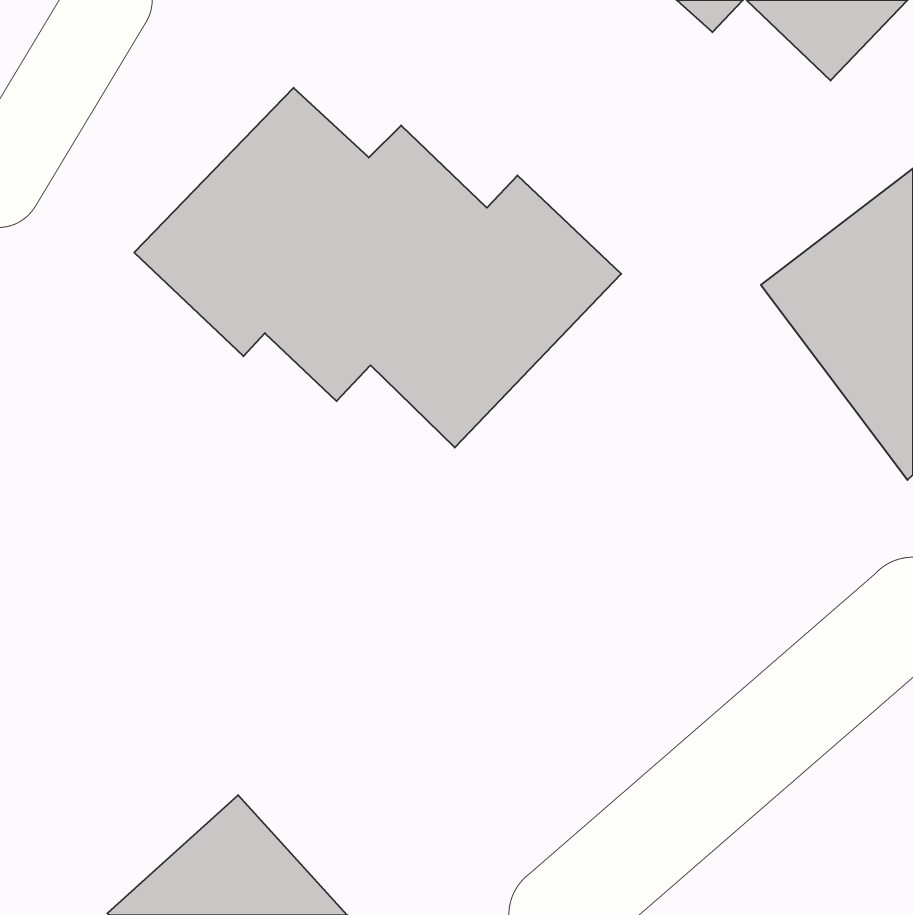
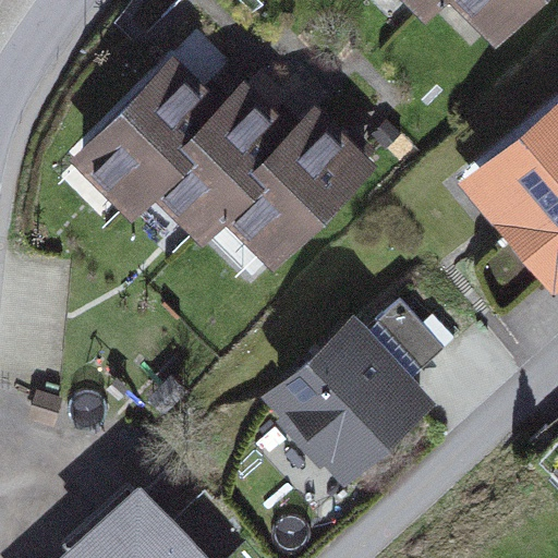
building: none -> [256,305,442,490]

